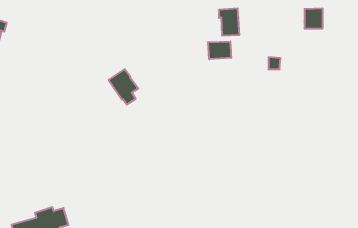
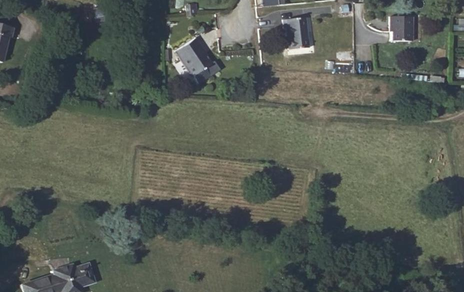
building: [208,41,231,59] -> none
building: [109,69,138,105] -> [178,36,215,80]

